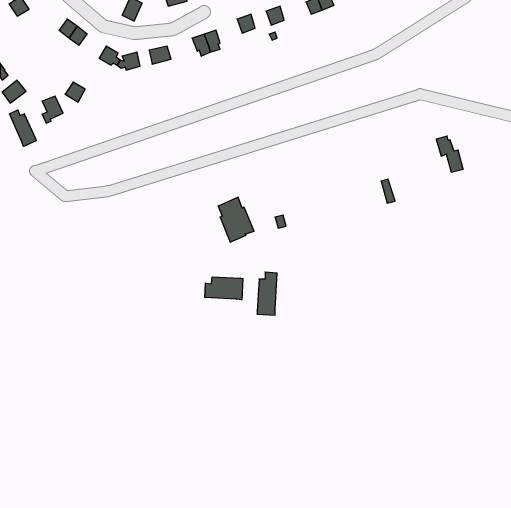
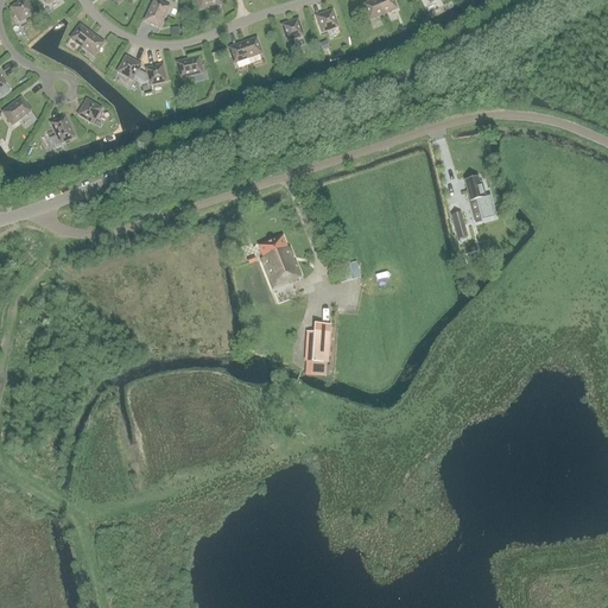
building: [9,110,36,146] -> none
building: [436,136,463,172] -> [464,177,496,220]
building: [205,277,243,300] -> none

